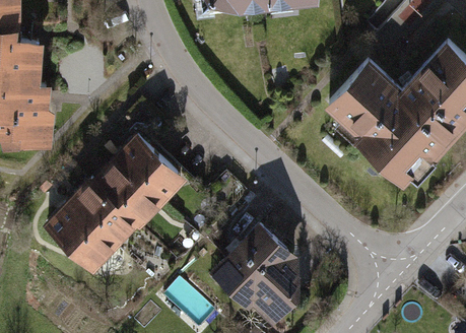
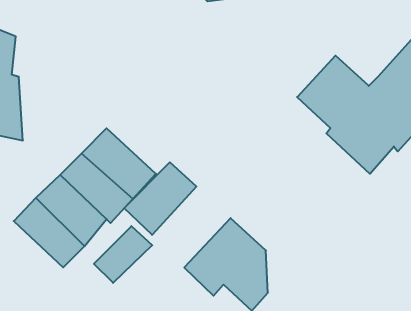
building: none -> [124,162,196,235]
building: none -> [94,226,152,283]

